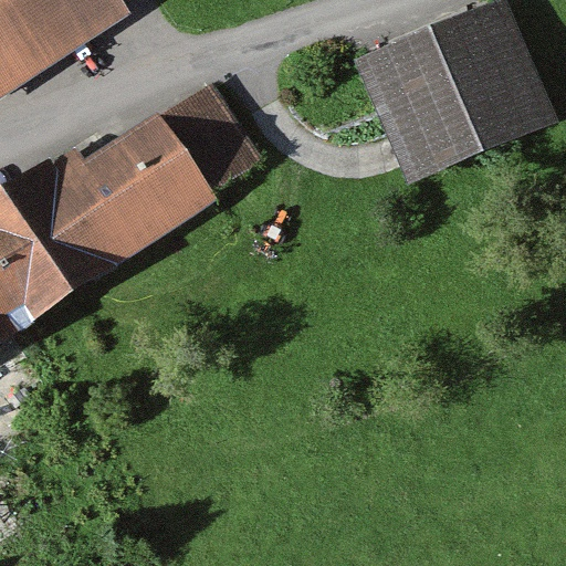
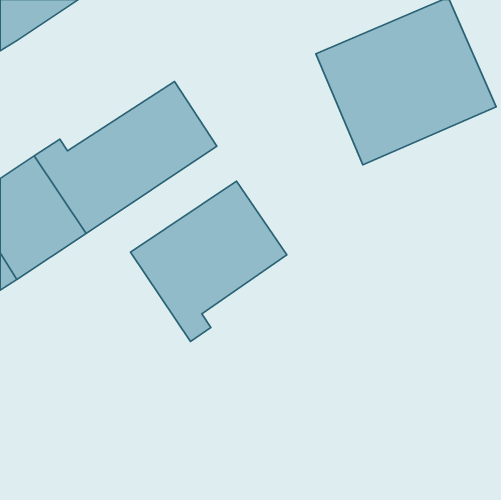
building: none -> [131,181,287,341]

